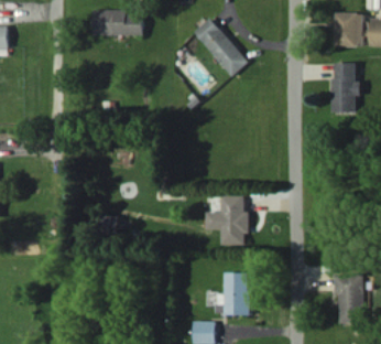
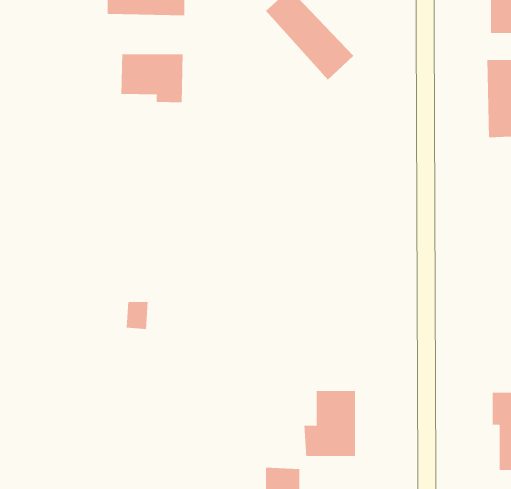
building: none -> [121,54,183,103]
building: [205,194,249,245] -> none

